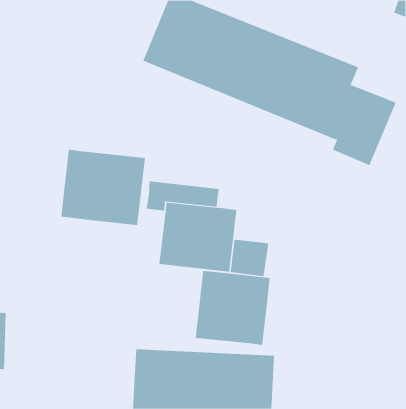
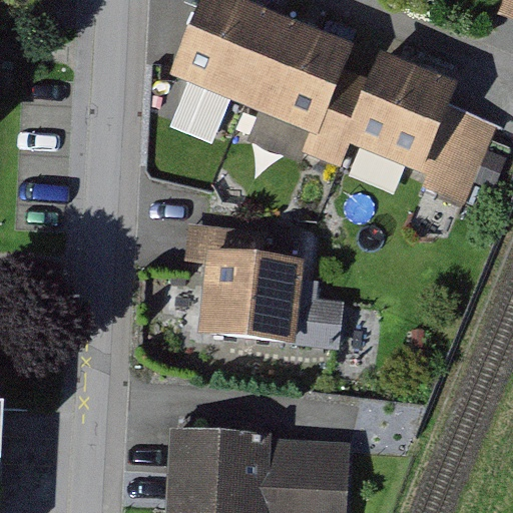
building: [61,149,145,226] -> none
building: [195,270,270,346] -> none

